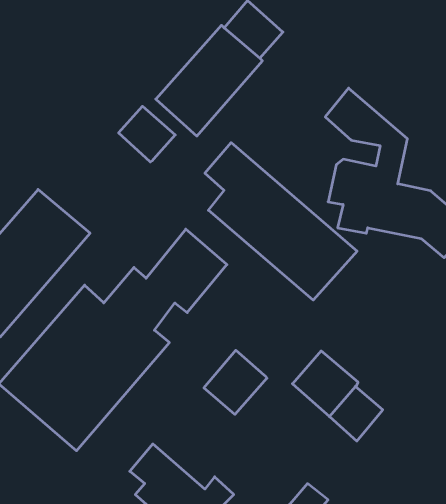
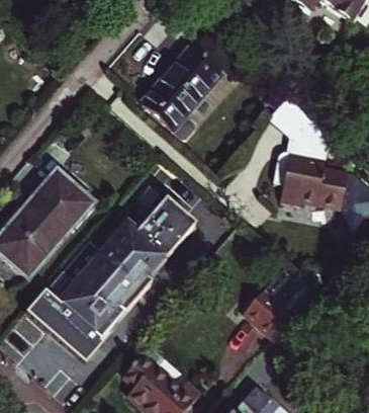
building: [119,106,175,162] -> none
building: [205,143,357,300] -> none
building: [204,350,267,414] -> none

